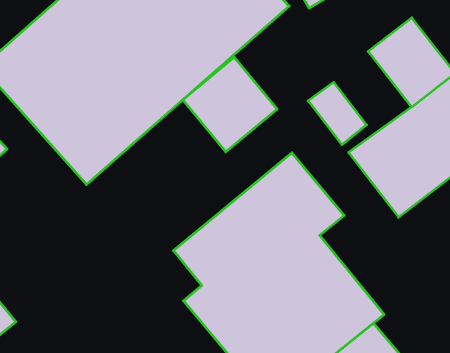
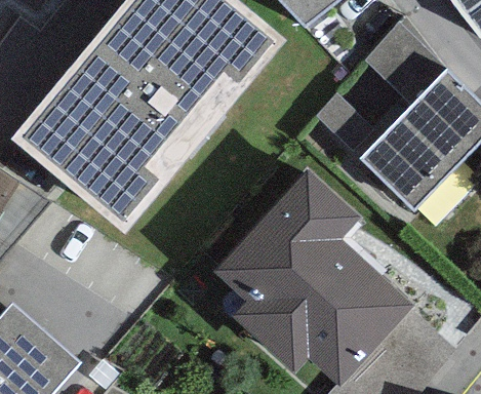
building: [183,57,277,152] -> none

